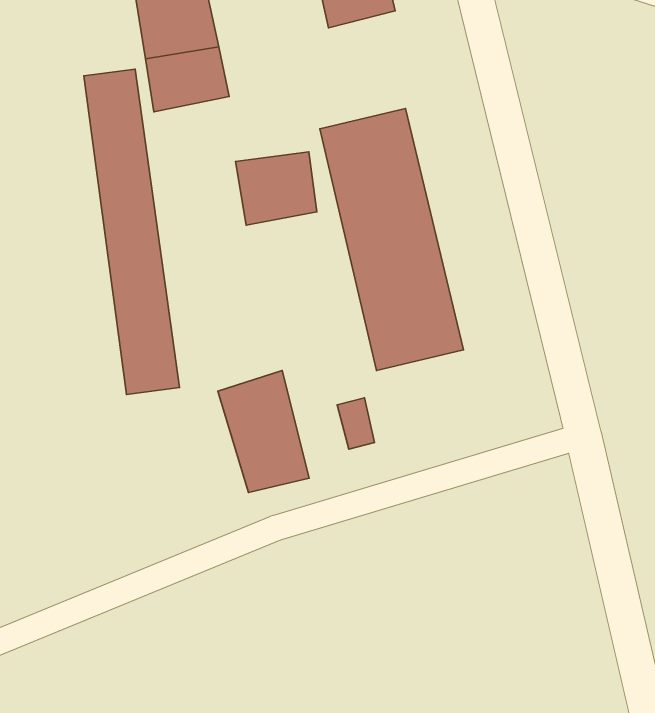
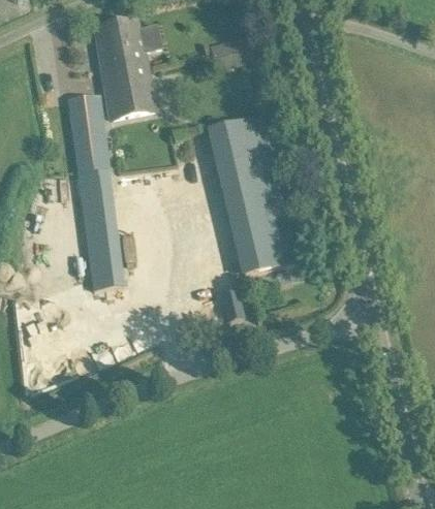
building: [236,152,317,225] -> none
building: [218,371,309,493] -> none

